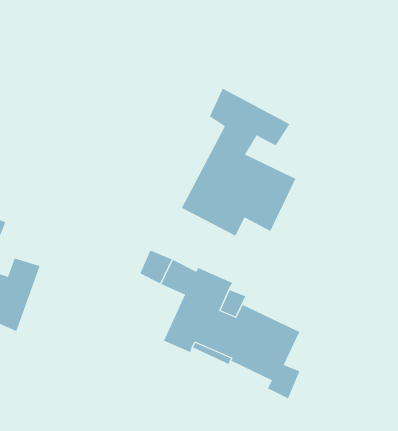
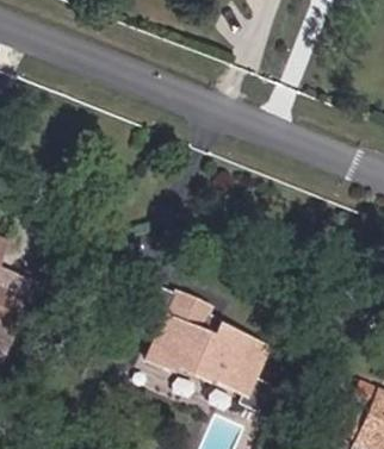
building: [181,88,296,237] -> none

